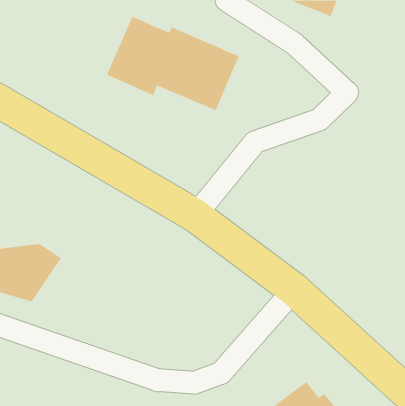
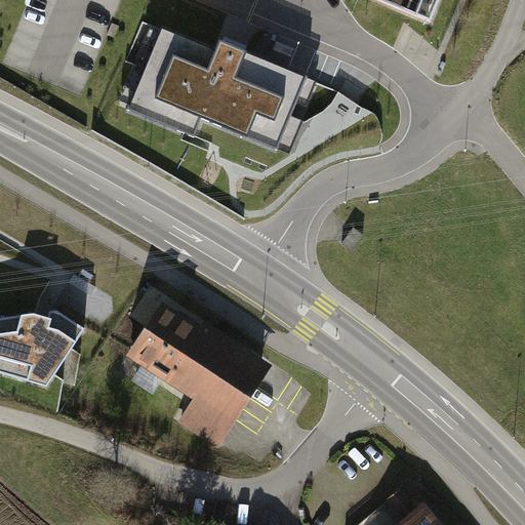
building: none -> [127,293,270,442]

